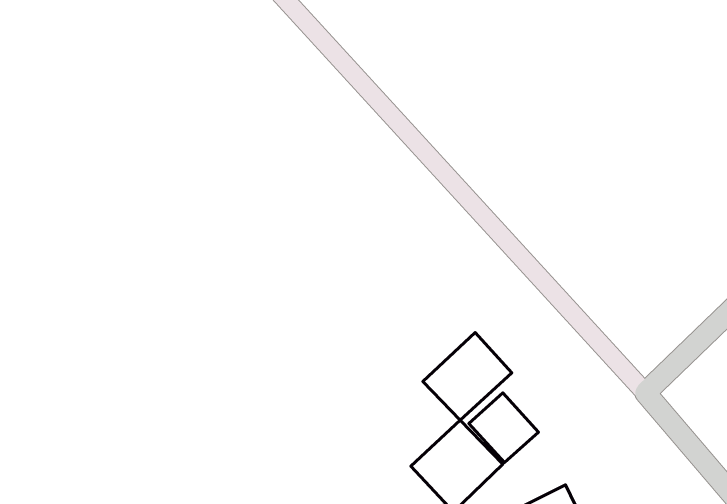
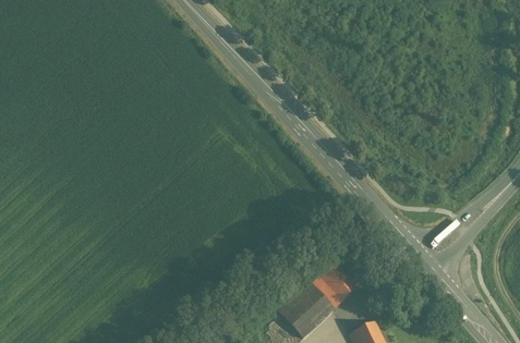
building: [423,332,512,420] -> none

